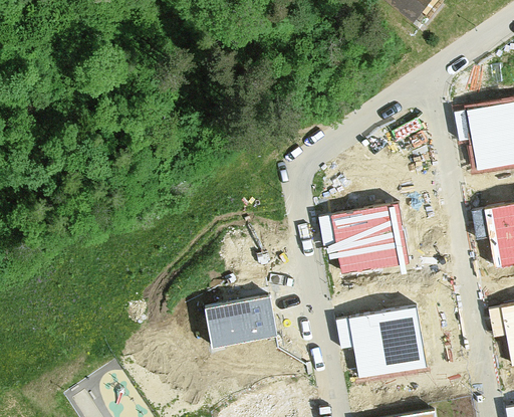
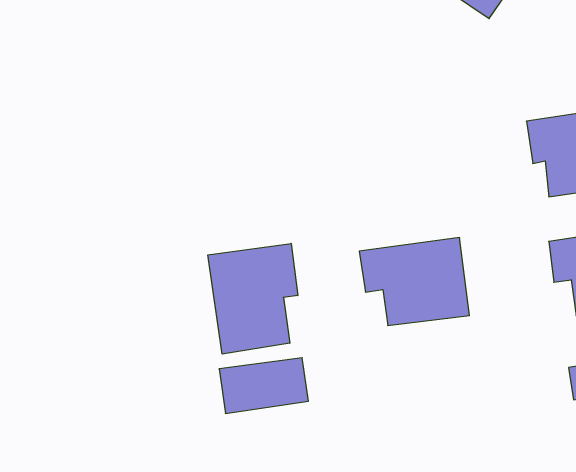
building: none -> [208,243,298,354]
building: [336,306,427,381] -> none

